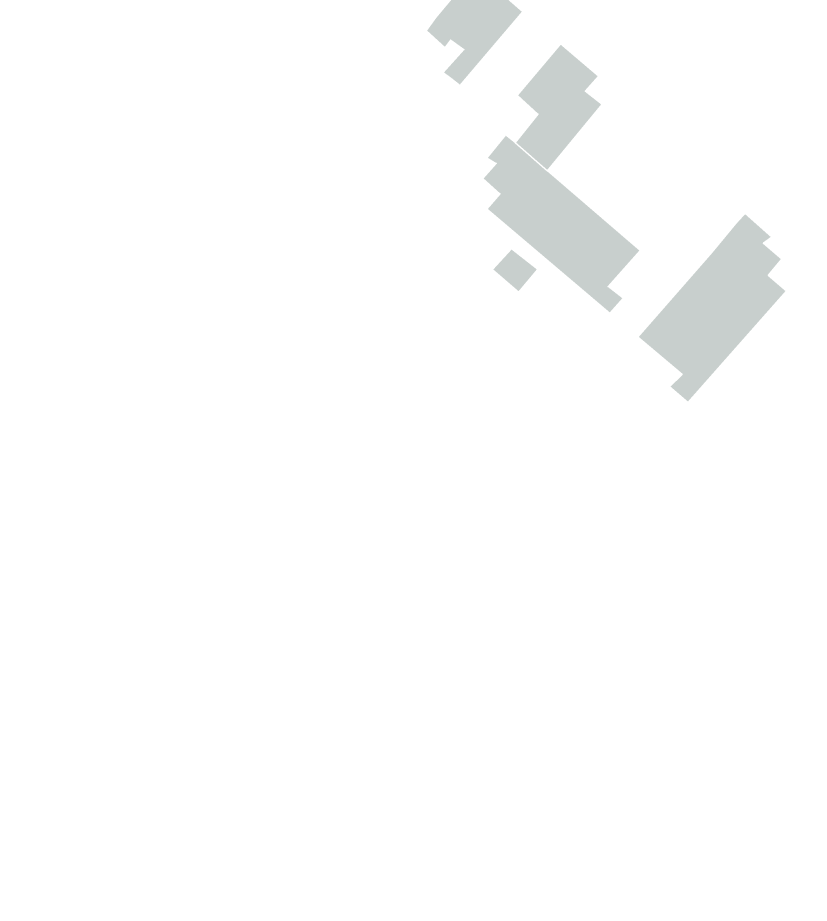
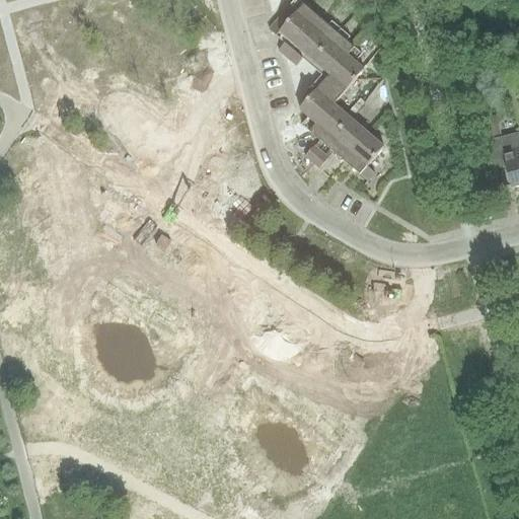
building: none -> [288,17,342,65]
building: [638,214,787,402] -> none

